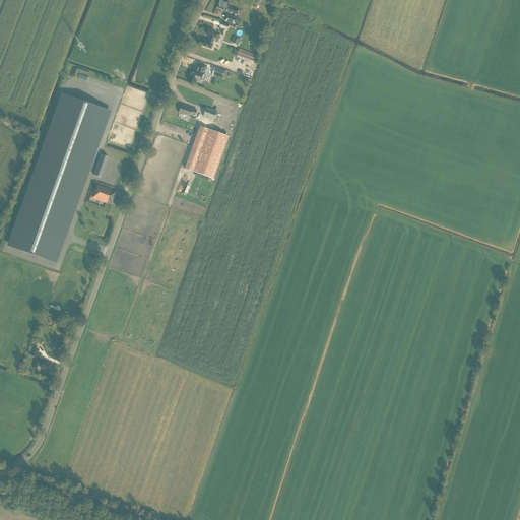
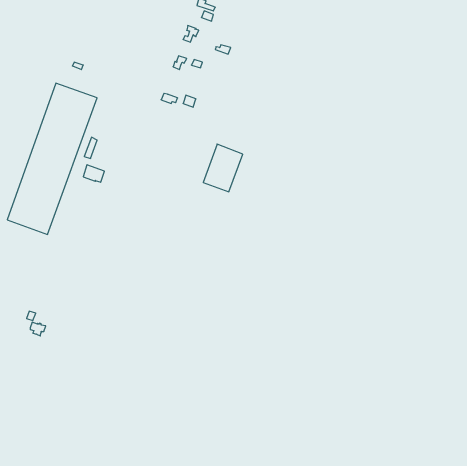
building: [186,124,230,177] -> [203,144,243,192]

